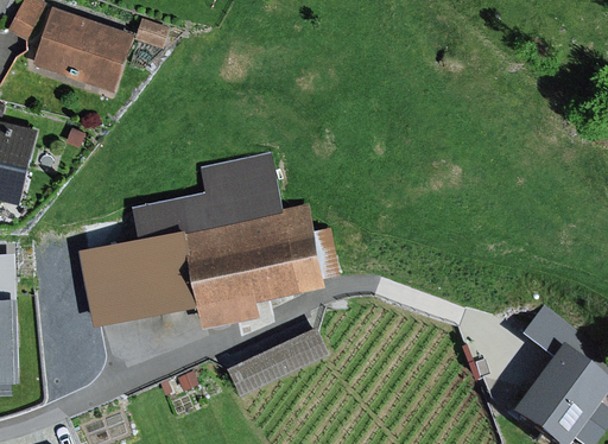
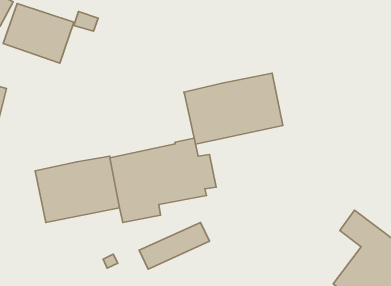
building: none -> [184,73,283,144]
building: [132,154,280,239] -> none

